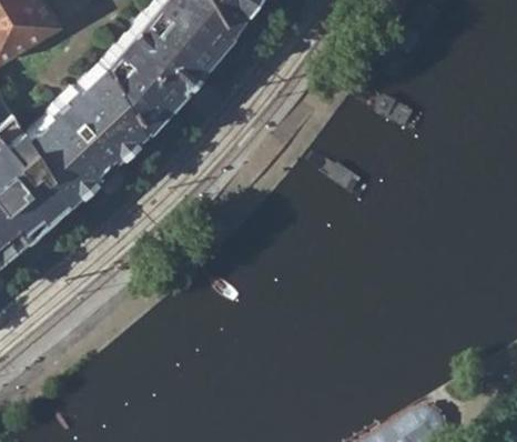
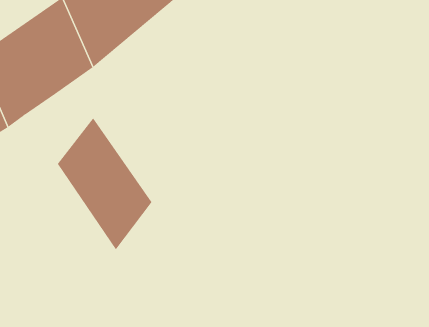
building: none -> [57,118,152,250]

